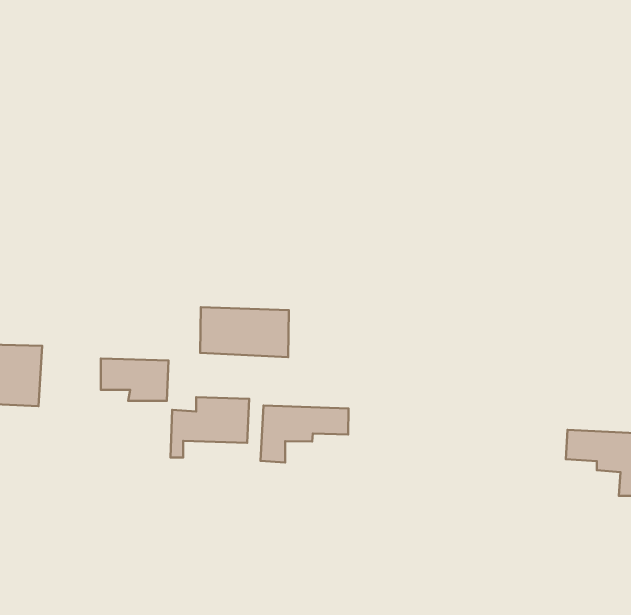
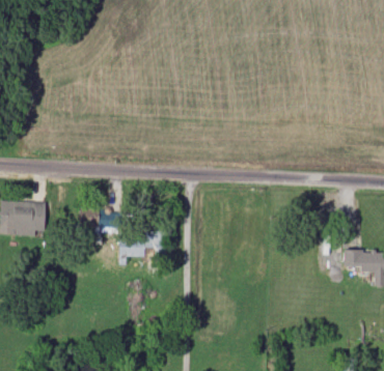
building: [200,307,289,357] -> none
building: [260,405,349,463] -> none

